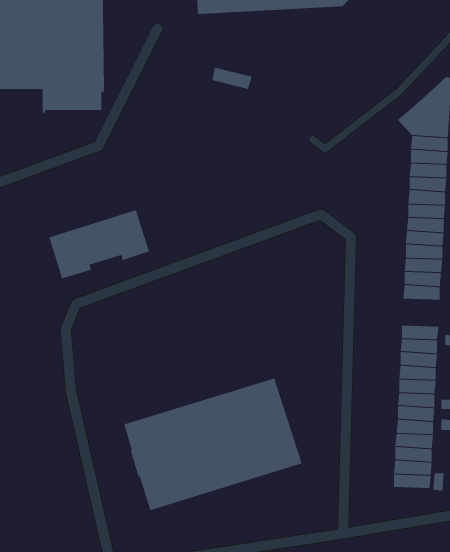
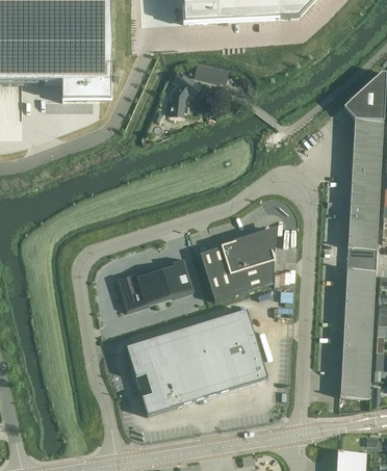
building: none -> [170,71,201,115]
building: [48,209,150,279] -> [114,257,195,312]
building: none -> [199,227,276,300]
building: none -> [345,247,377,269]

